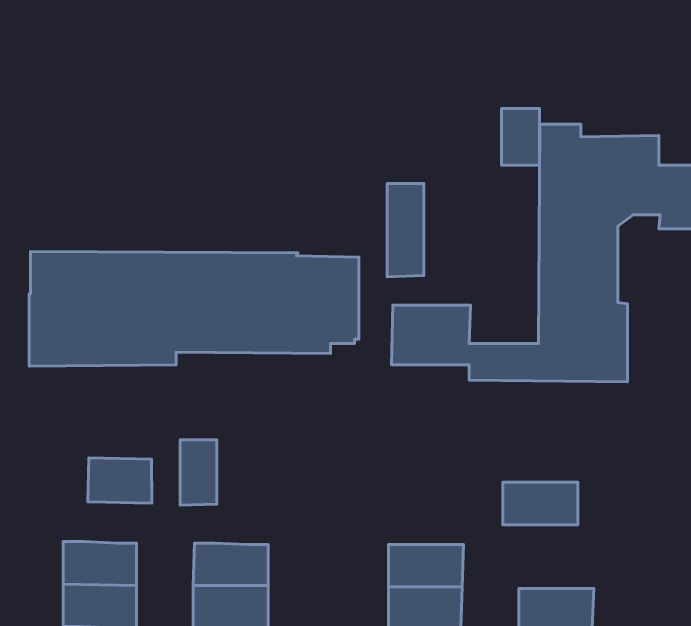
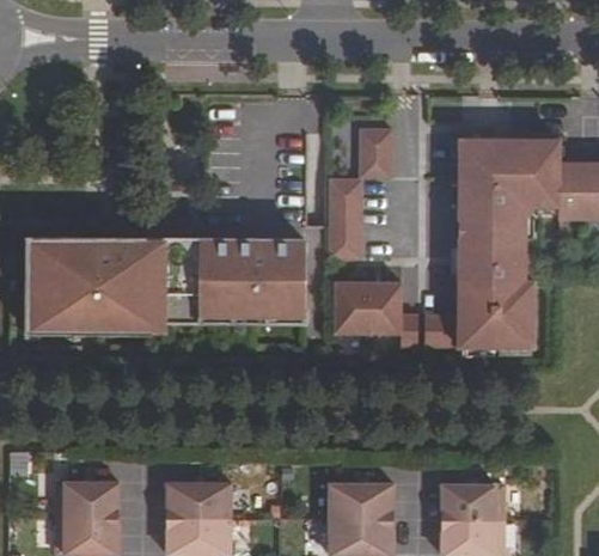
building: [501,109,540,165] -> [360,129,392,177]
building: [180,440,217,505] -> none
building: [88,458,152,503] -> none
building: [503,482,578,525] -> [441,485,505,521]

